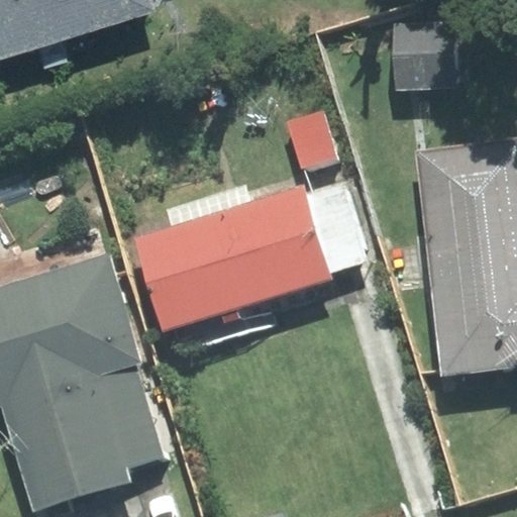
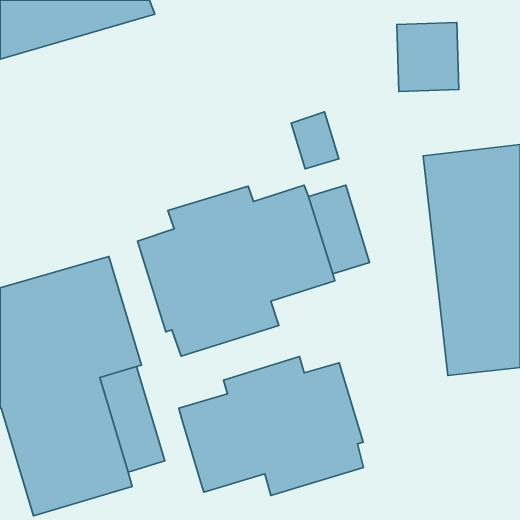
building: none -> [179,357,364,496]

